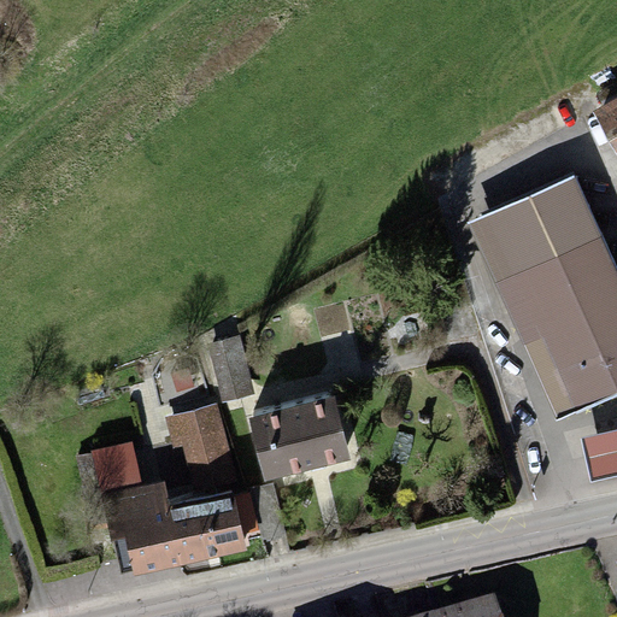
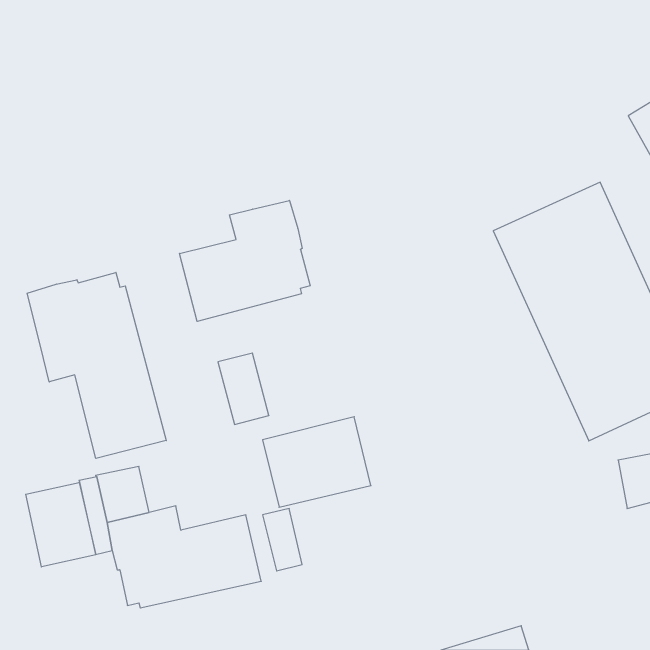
building: none -> [180,200,310,321]
building: none -> [27,272,166,458]
building: [165,401,236,483] -> none
building: none -> [26,482,96,567]

